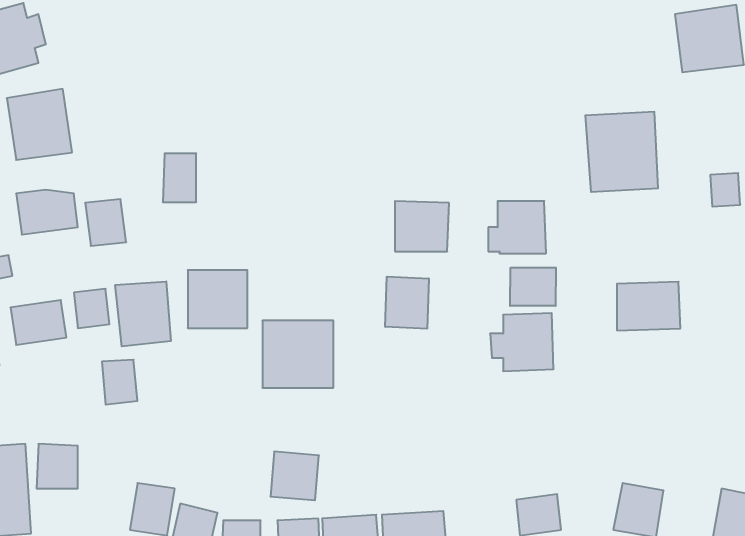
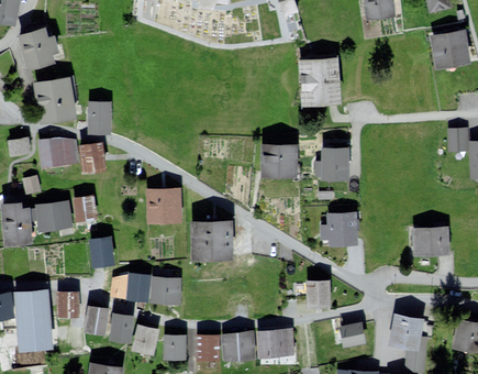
building: [585,112,658,192] -> [300,59,343,107]
building: [163,153,196,202] -> [90,105,110,133]
building: [510,268,556,306] -> none
building: [385,277,429,329] -> none
building: [115,281,171,346] -> none
building: [617,282,680,330] -> [412,228,449,256]
building: none -> [108,271,147,299]
building: none -> [302,277,326,304]
building: [270,452,319,500] -> [149,275,178,304]
building: none -> [84,304,110,334]

